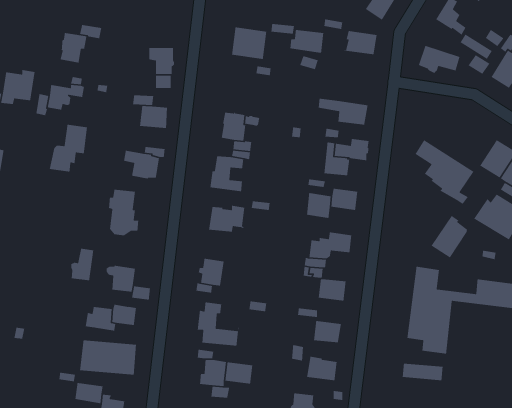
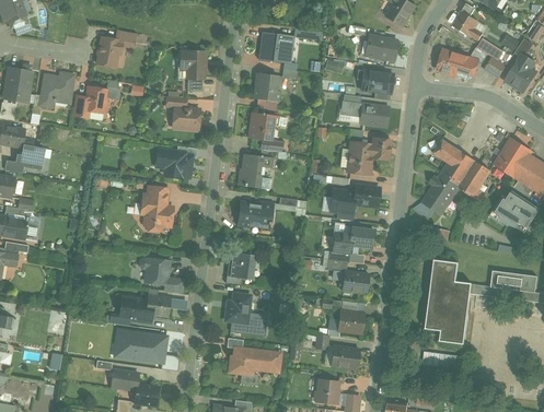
building: [289,29,324,53] -> [361,70,394,93]
building: none -> [254,72,279,101]
building: [49,124,88,173] -> none
building: [431,215,469,259] -> [423,172,459,213]
building: [70,248,94,281] -> none

